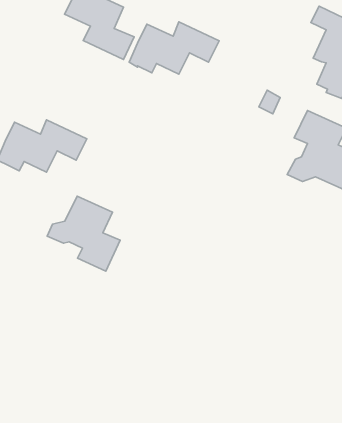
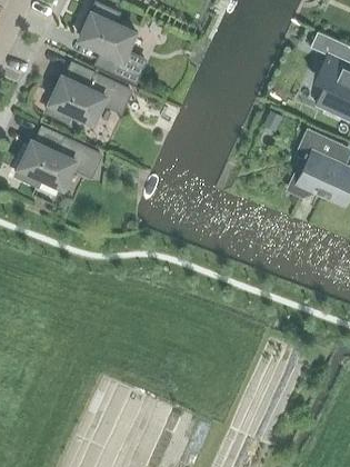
building: [129,22,219,74] -> [46,73,130,122]
building: [47,196,120,271] -> none

